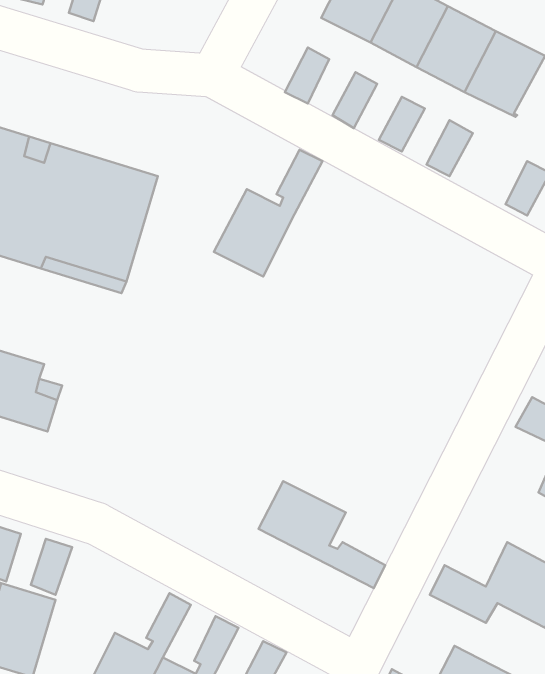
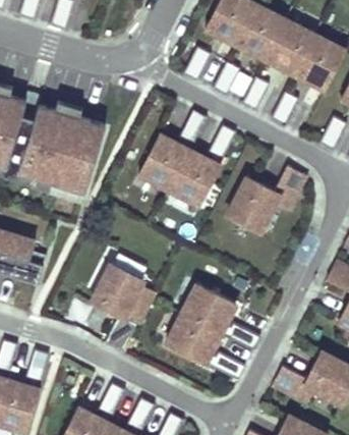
building: none -> [170,124,235,203]
building: none -> [225,157,302,224]
building: none -> [92,261,158,351]
building: none -> [182,283,260,350]

